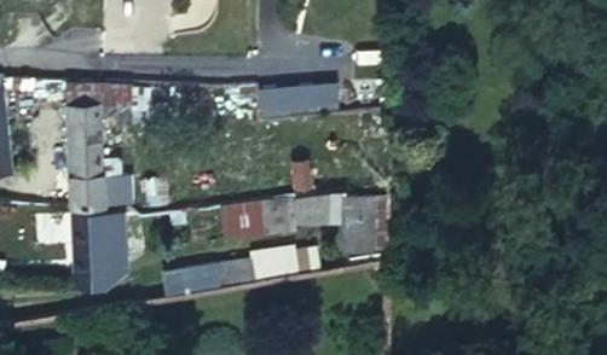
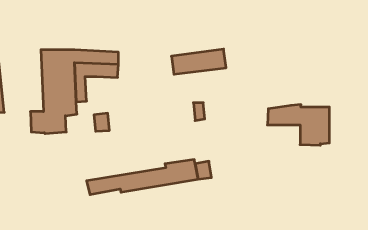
building: [295,192,387,252] -> [267,105,329,145]
building: [219,198,289,238] -> none
building: [71,213,127,287] -> none

